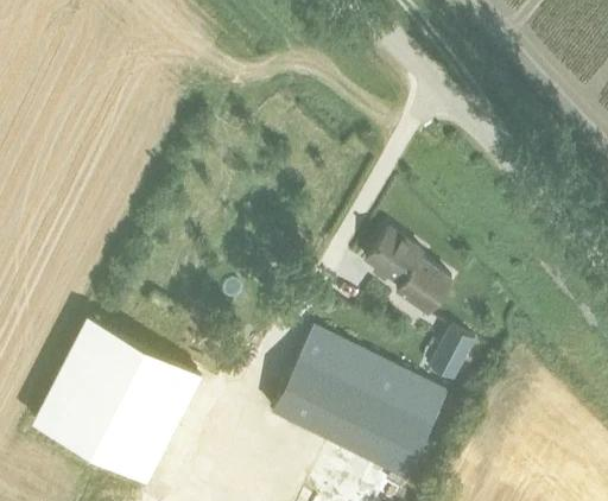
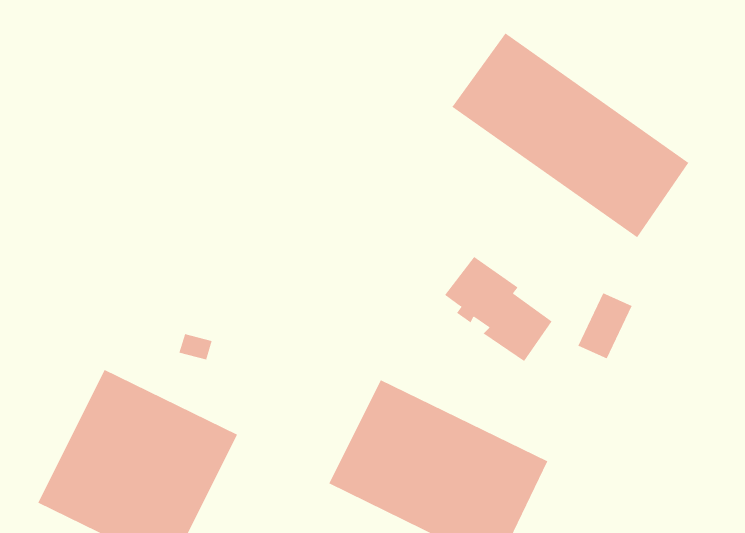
building: none -> [451,33,689,238]
building: [429,328,473,381] -> [578,292,633,359]

